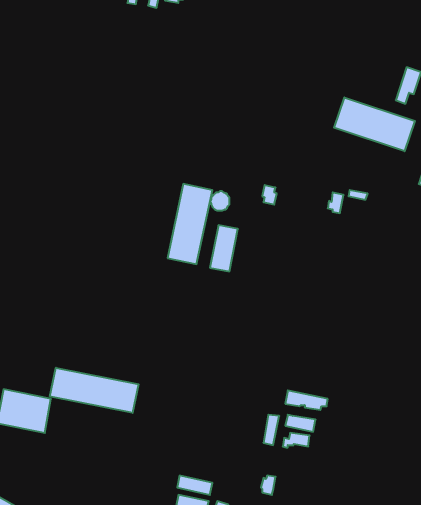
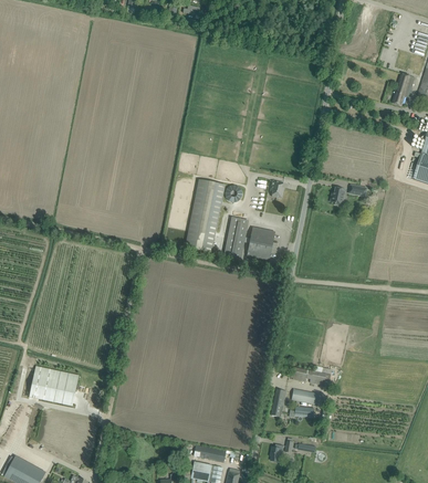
building: [334,97,415,151] -> none
building: none -> [247,227,275,261]
building: [50,368,139,413] -> none

